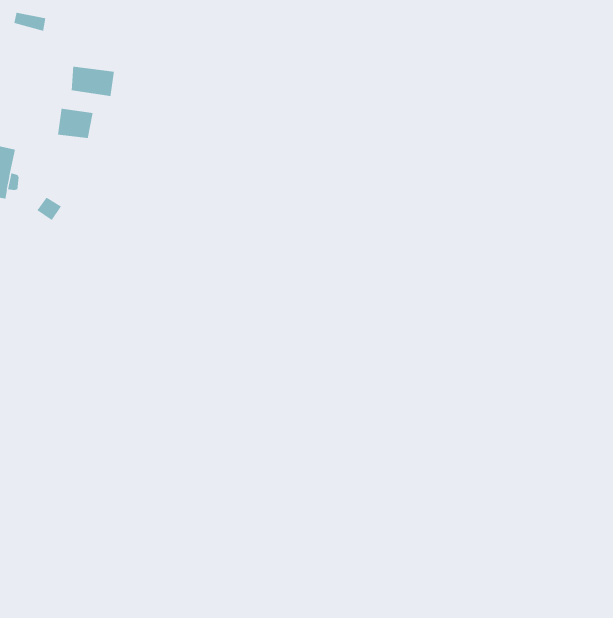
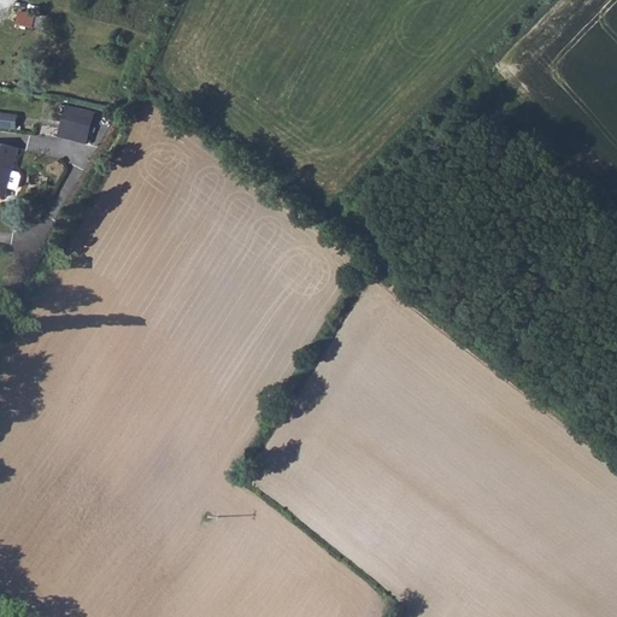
building: [71,66,114,97] -> none

